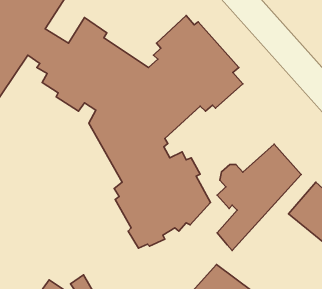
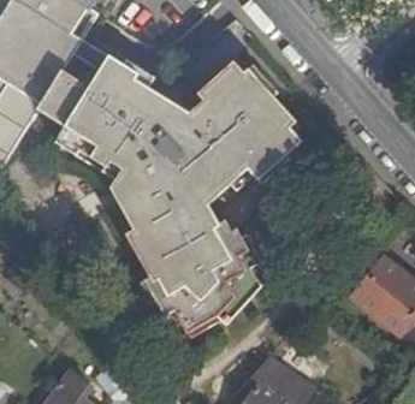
building: [217,144,301,251] -> none

